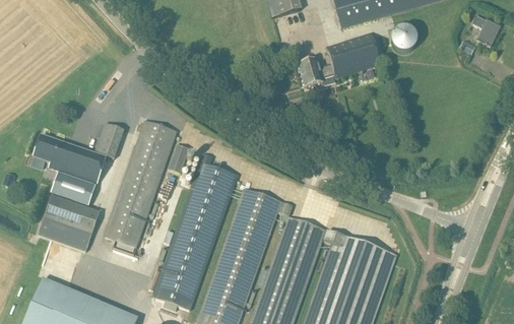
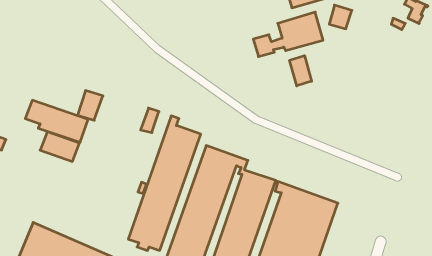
building: none -> [290,56,312,86]
building: [105,119,177,250] -> none
building: [38,194,101,250] -> none

